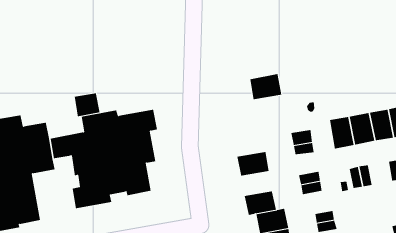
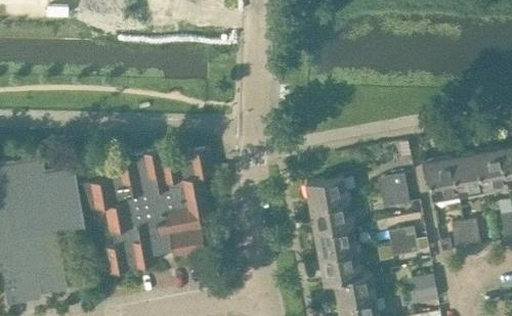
building: [250,74,282,100] -> [307,176,348,209]
building: [74,92,100,117] -> none
building: none -> [316,227,356,258]

